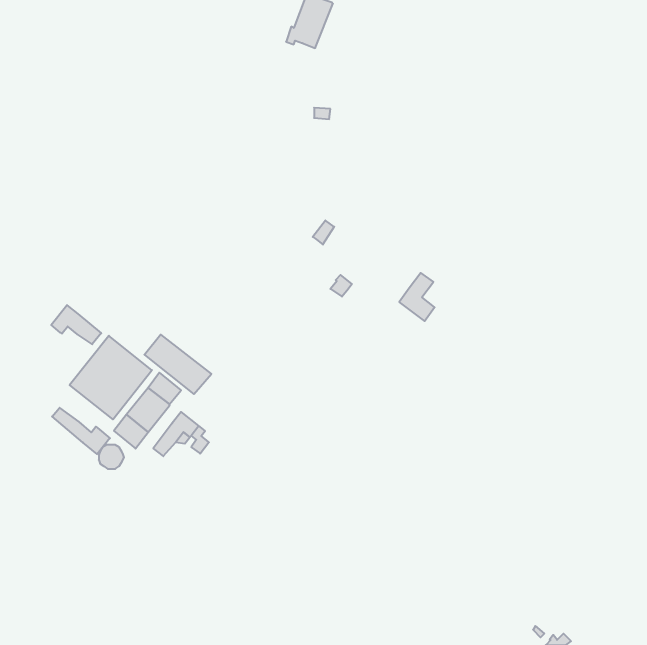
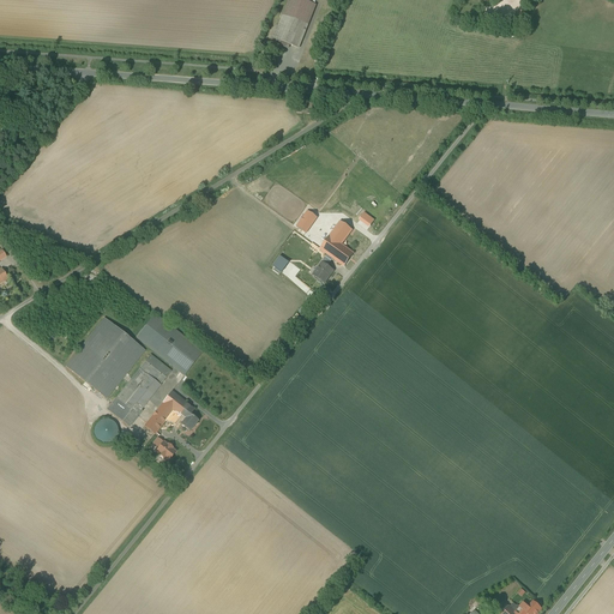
building: [399,273,435,321] -> [320,219,354,265]
building: [51,305,101,344] -> none
building: [52,408,110,454] -> none

